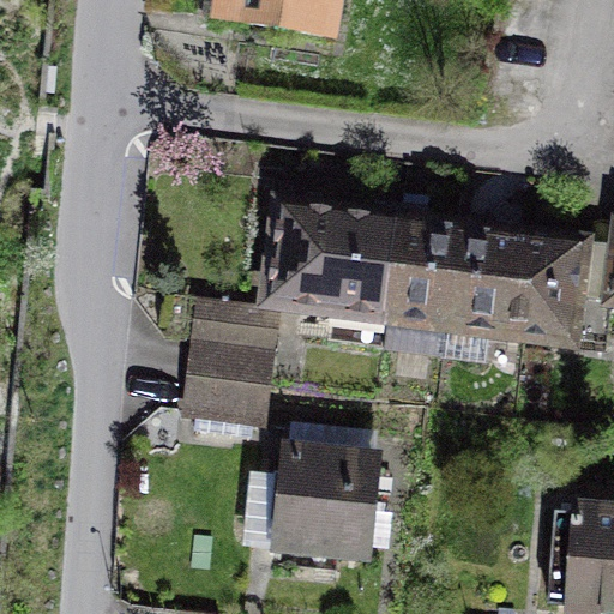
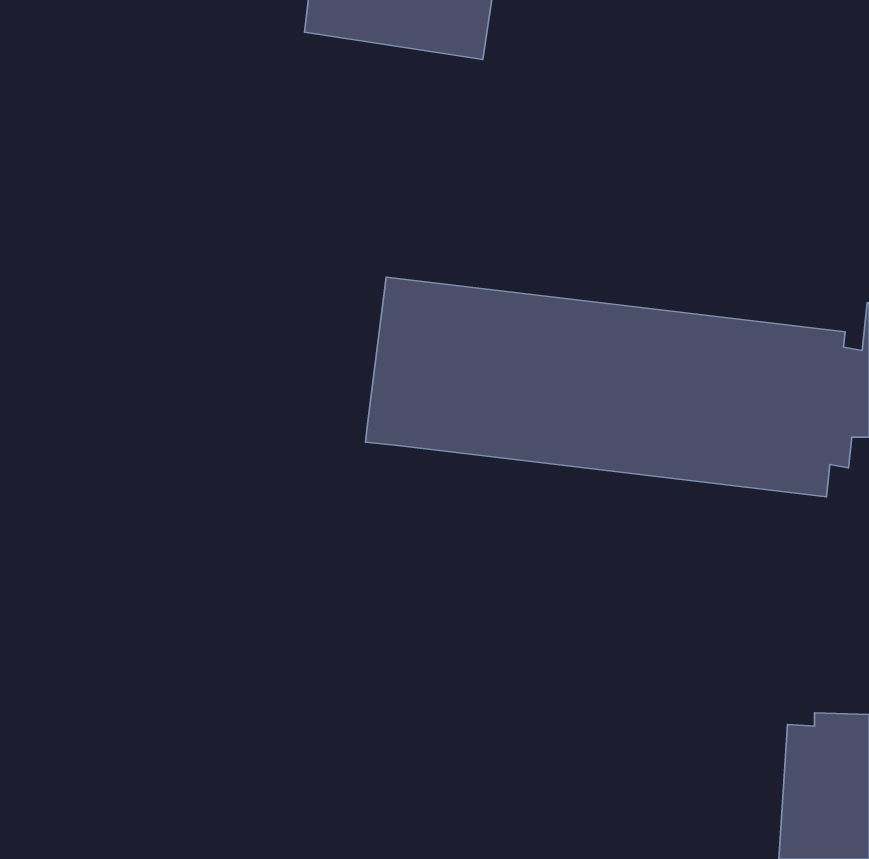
building: [180,294,281,427] -> none
building: [272,444,385,565] -> none

